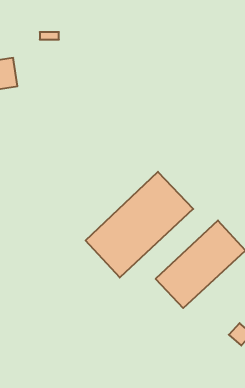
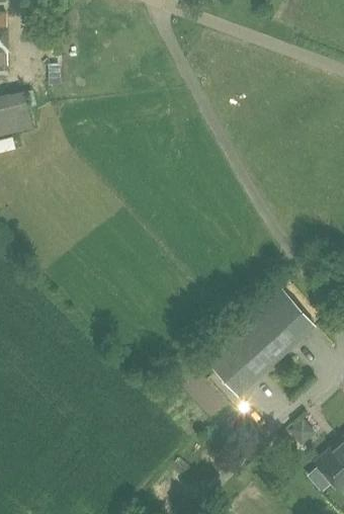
building: [86,172,193,278] -> none

